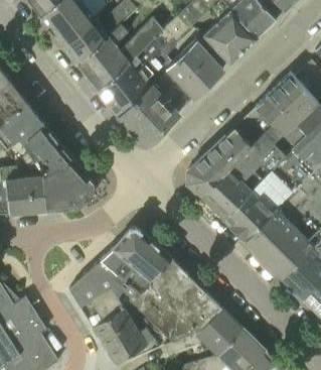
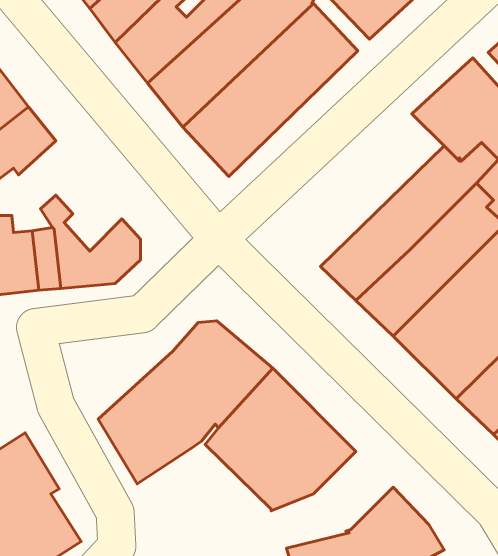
building: [186,107,274,198] -> none
building: [21,123,83,189] -> none
building: [92,305,147,364] -> none
building: [163,307,244,356] -> none

